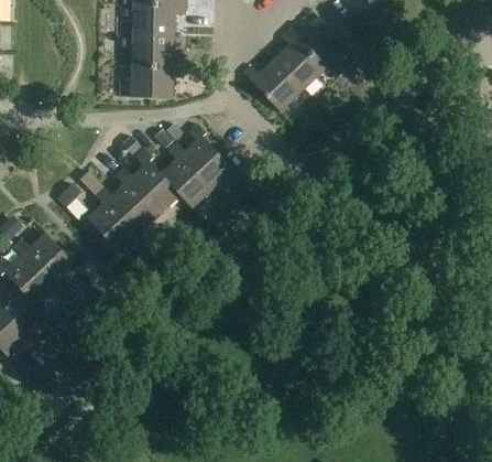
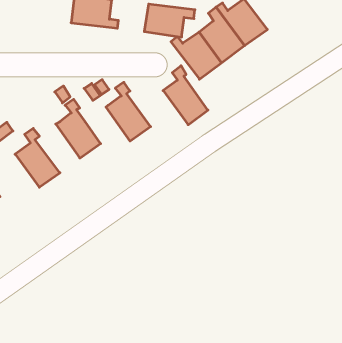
building: [129,65,182,97] -> [144,4,195,37]
building: [158,142,210,206] -> [163,66,208,125]
building: [106,168,157,232] -> none

